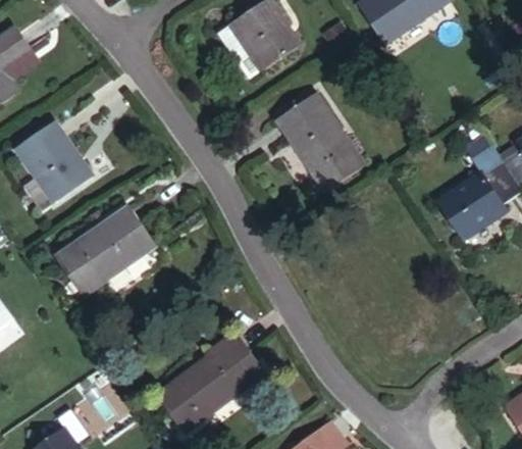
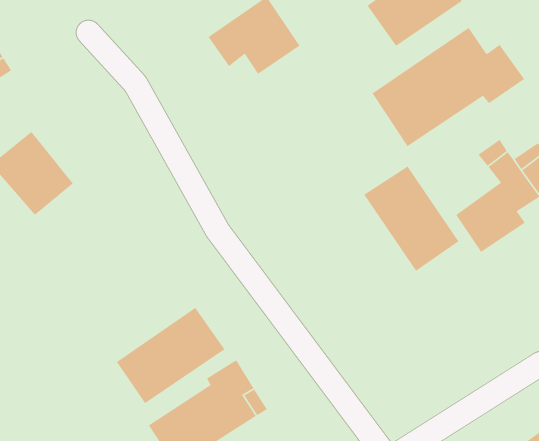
building: none -> [371,27,525,147]
building: [274,96,362,193] -> [363,165,460,272]
building: [62,196,162,285] -> [116,307,226,404]

